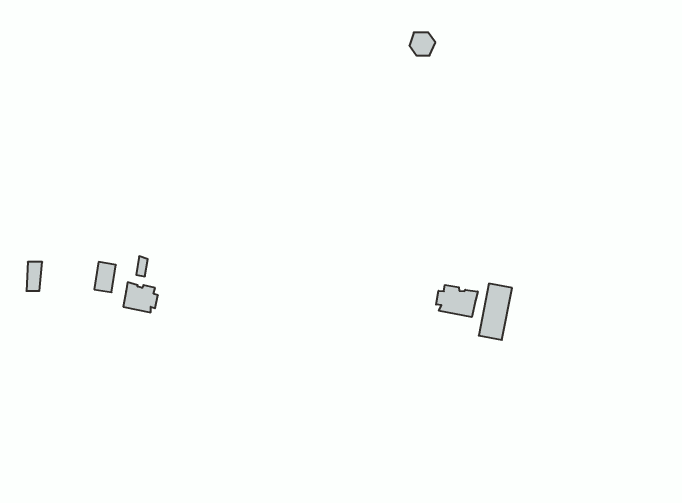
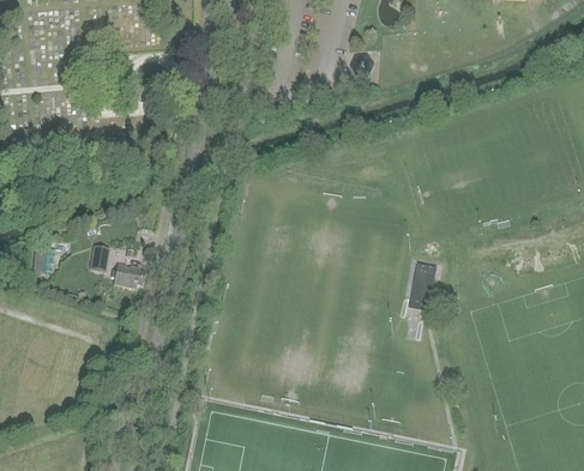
building: [436,285,478,317] -> none

